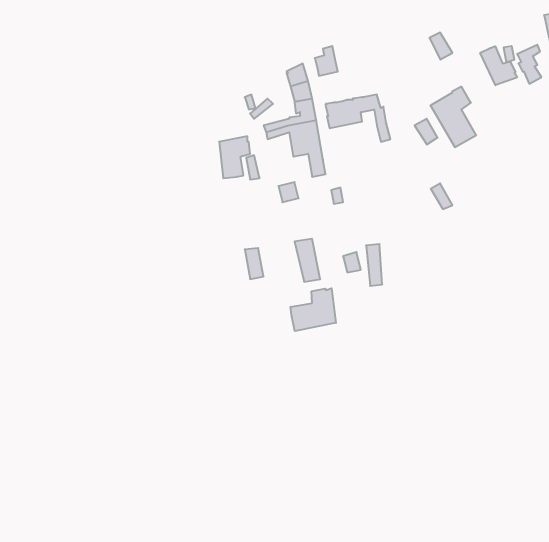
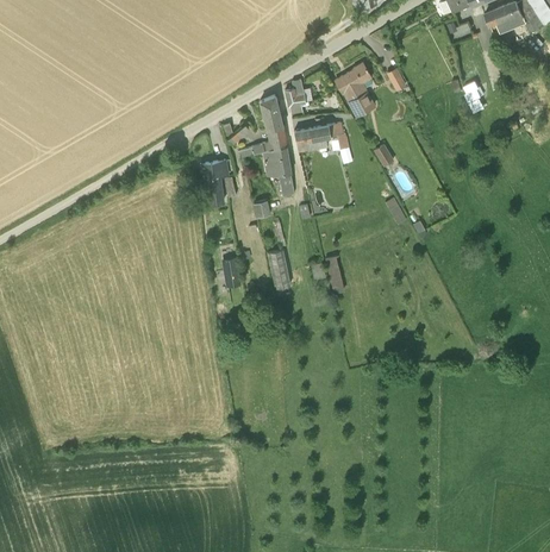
building: [480,46,517,85] -> none
building: [430,87,476,147] -> [335,63,375,117]
building: [291,288,336,331] -> none

